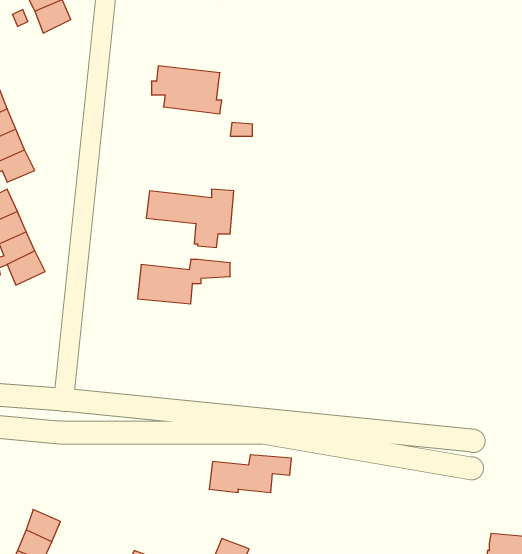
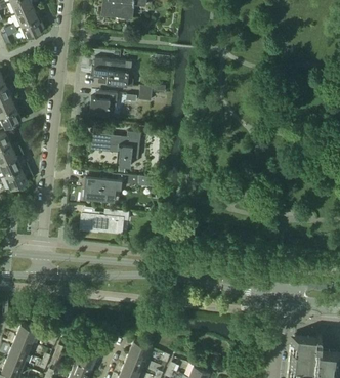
building: none -> [89,92,117,116]
building: [209,455,291,492] -> [80,209,129,232]

